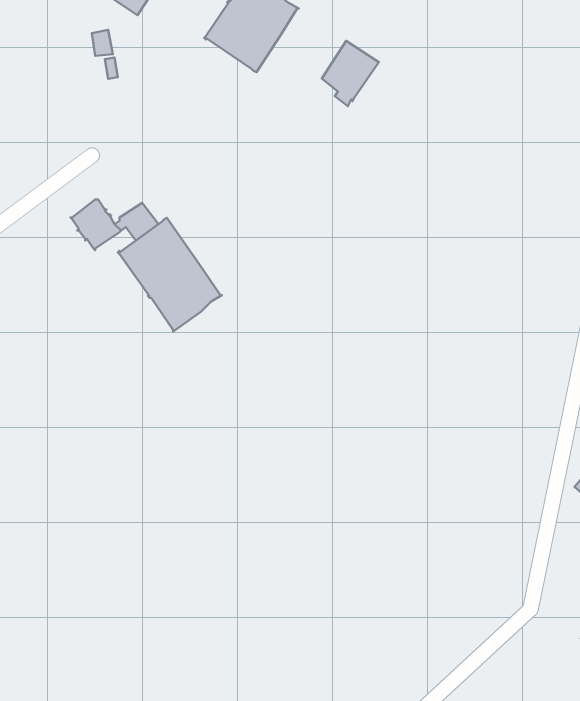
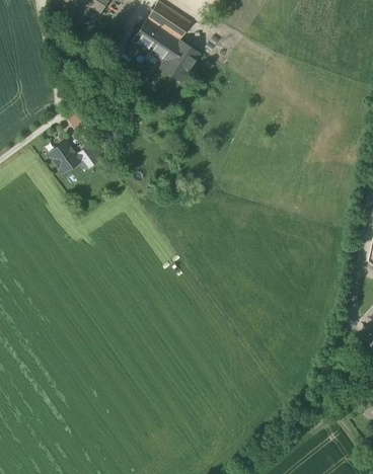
building: [322,41,379,106] -> [165,39,201,80]
building: [118,218,222,331] -> none

